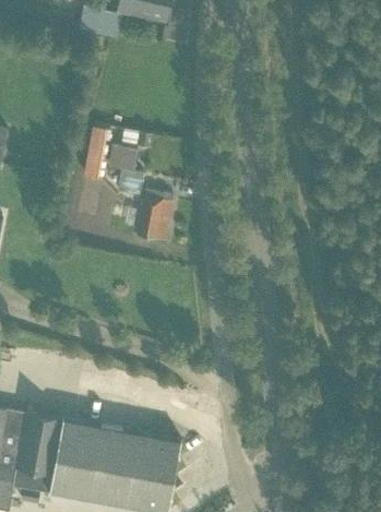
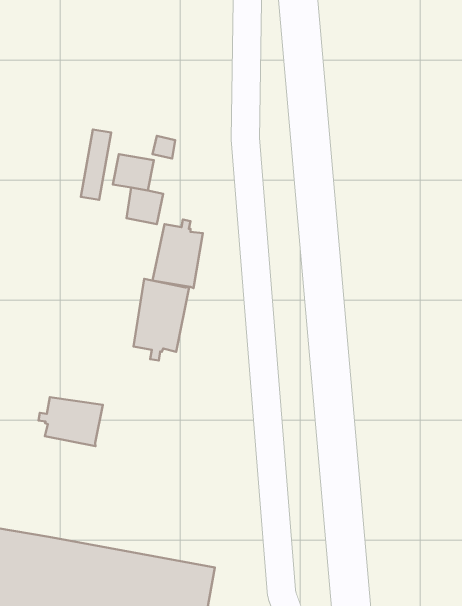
building: none -> [133,279,189,360]
building: none -> [39,397,103,446]

